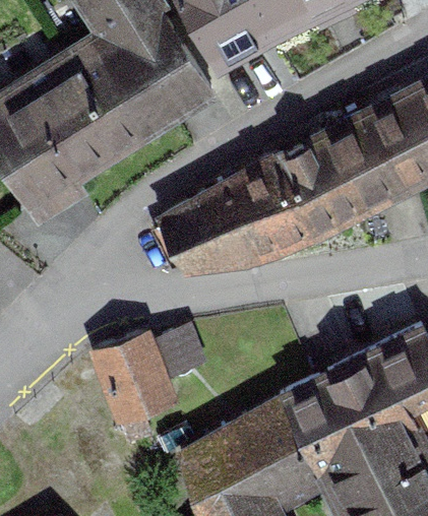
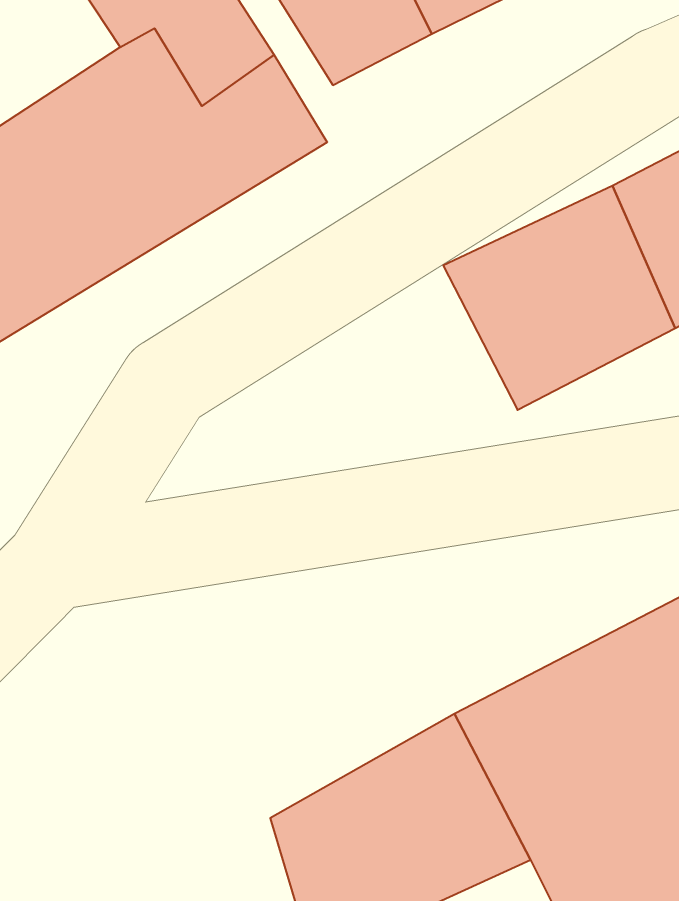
building: [161,157,314,268] -> none
building: [93,331,171,440] -> none

